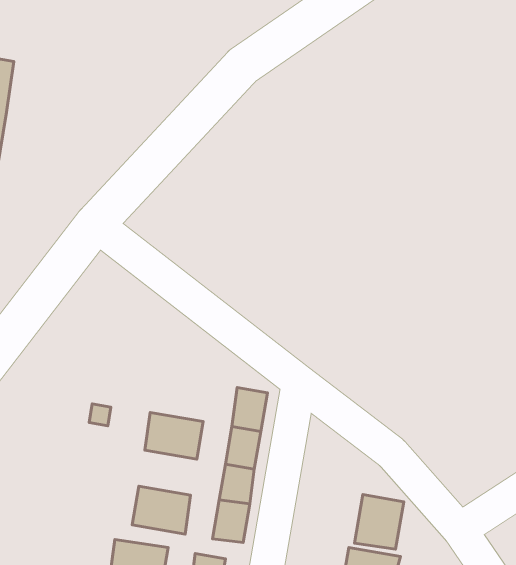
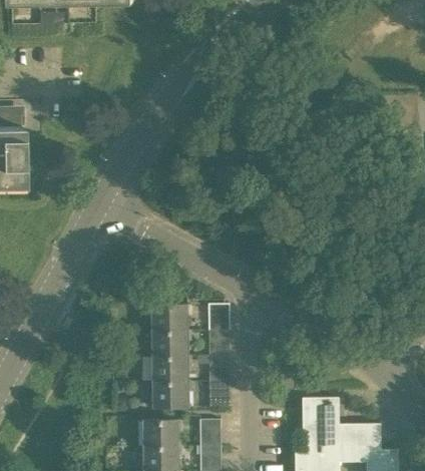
building: none -> [152,305,189,331]
building: none -> [153,357,189,382]
building: [355,494,404,549] -> none

